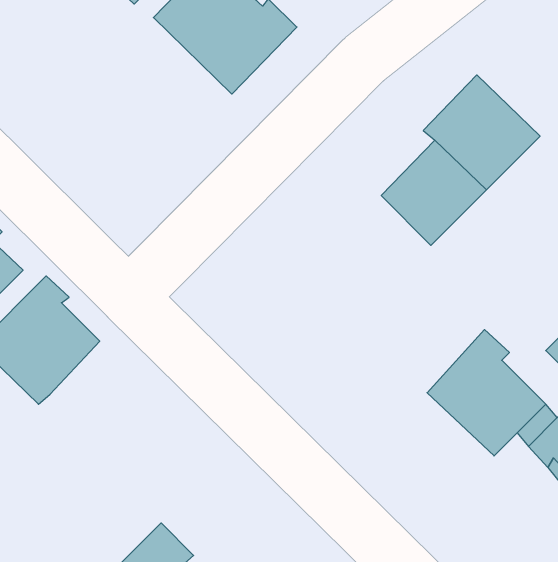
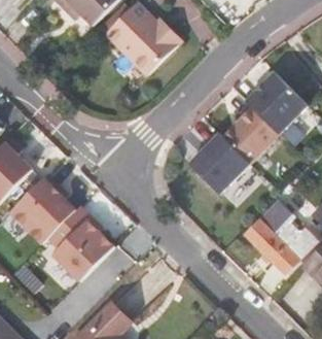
building: none -> [192,124,252,187]
building: none -> [47,207,113,280]

